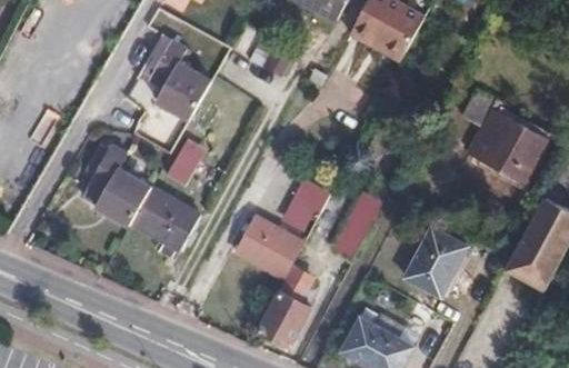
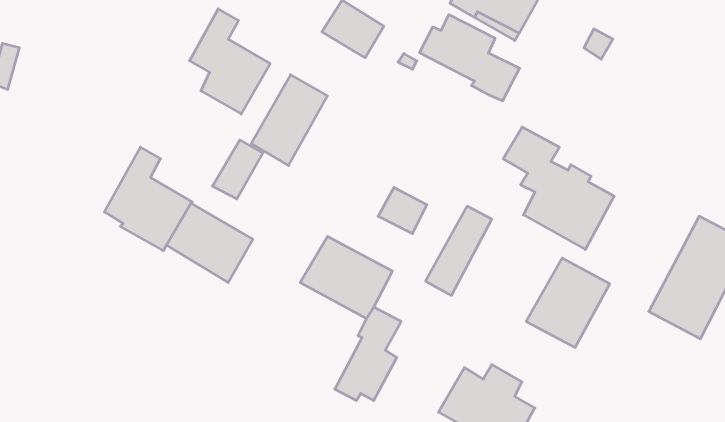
building: none -> [420,15,520,101]
building: none -> [251,75,327,166]
building: [461,91,547,186] -> [503,127,614,250]

